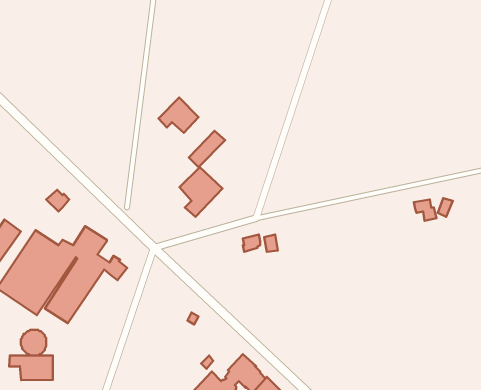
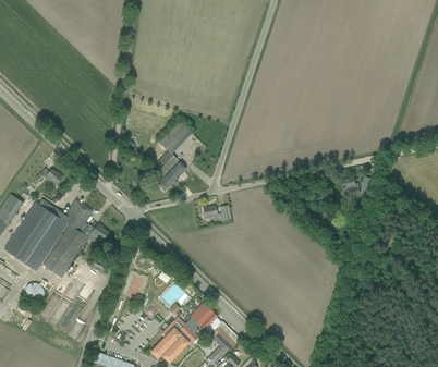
building: [159,98,199,133] -> none
building: [9,355,53,380] -> none

